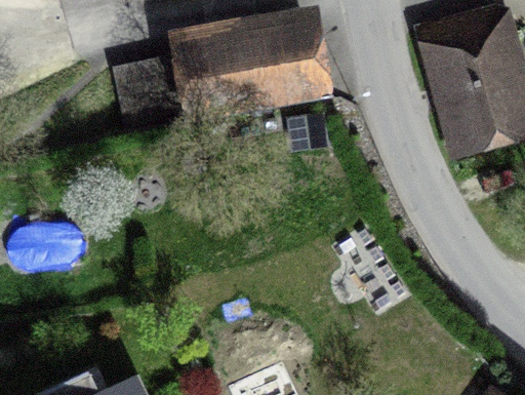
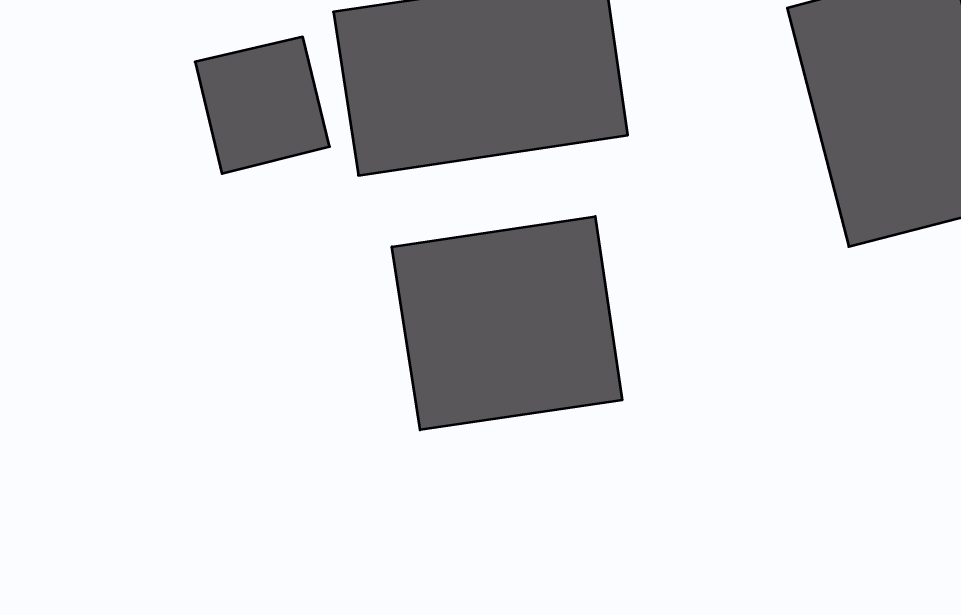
building: none -> [392,216,622,430]

